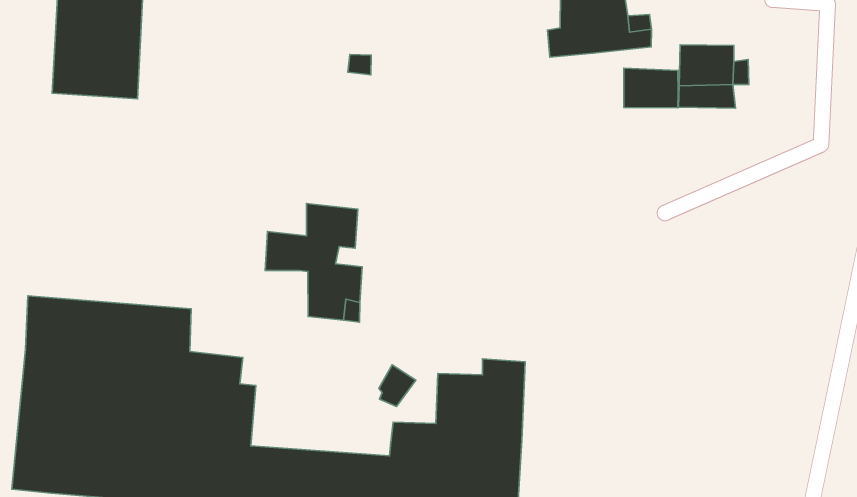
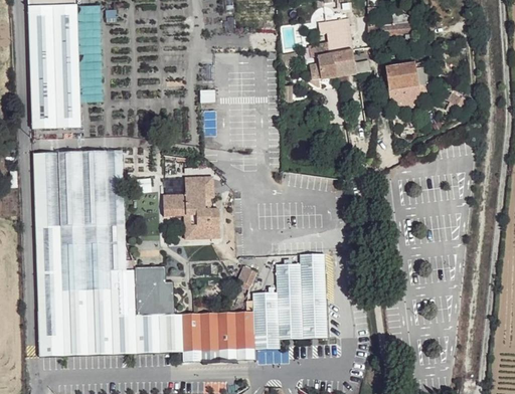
building: [624,68,678,108] -> none
building: none -> [33,149,127,245]

